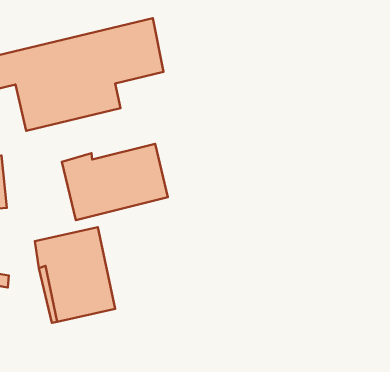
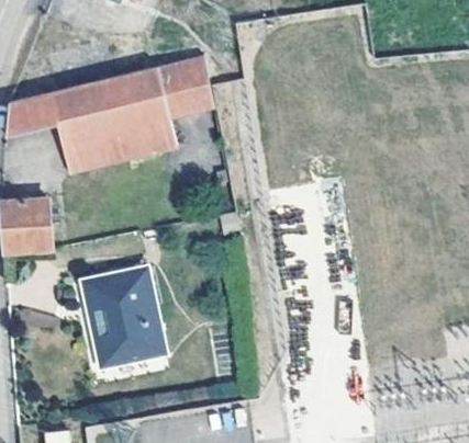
building: [62,144,168,220] -> none

